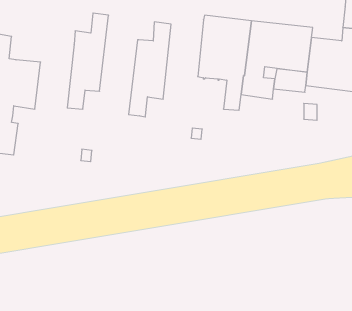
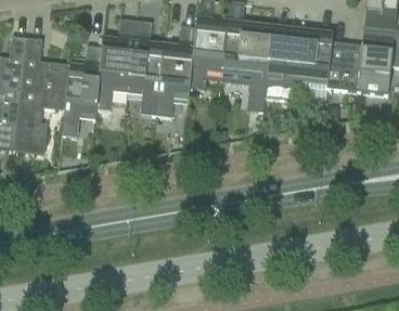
building: none -> [190,11,229,90]
building: none -> [127,20,164,115]
building: none -> [62,44,102,137]

